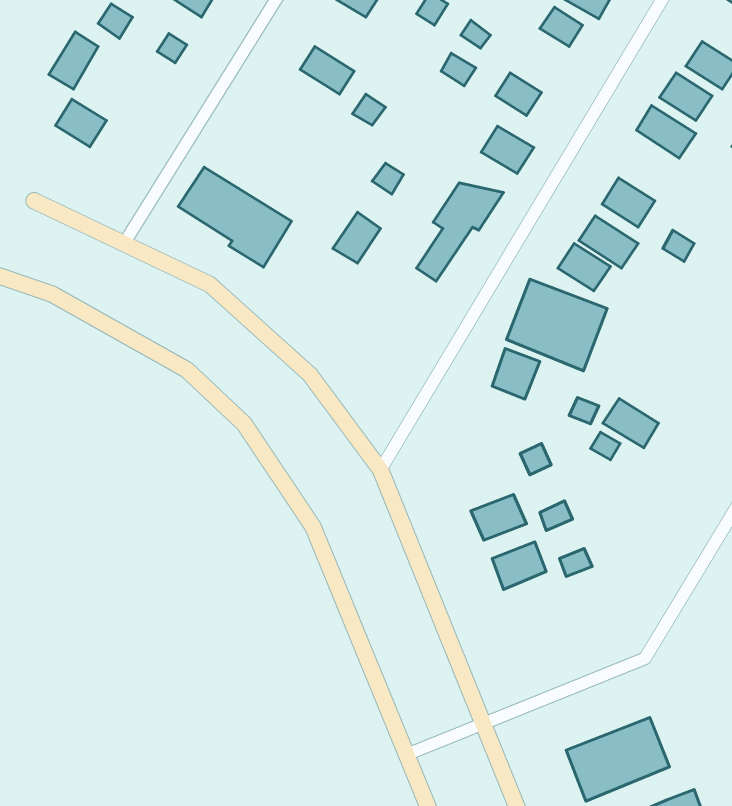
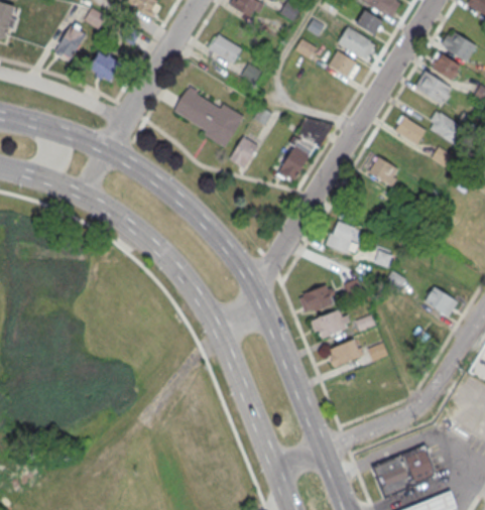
building: [56,99,106,147] -> [89,52,120,82]
building: [481,126,534,174] -> [338,27,370,56]
building: [178,167,291,267] -> [173,86,243,147]
building: [579,216,638,268] -> [431,112,467,144]
building: [506,279,607,371] -> none
building: [603,399,659,448] -> [425,286,459,316]
building: none -> [299,284,333,313]

